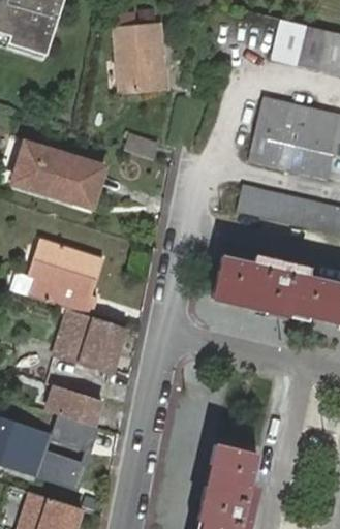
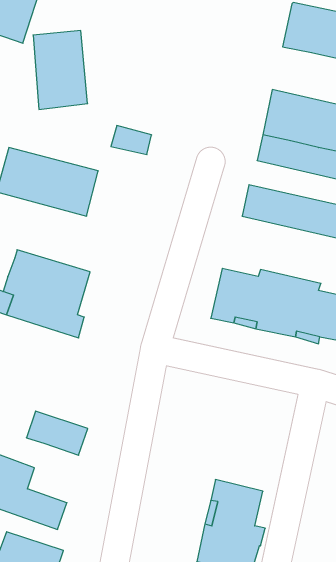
building: [121,24,169,94] -> [33,31,88,109]
building: [60,313,125,374] -> none
building: [54,413,96,449] -> none

